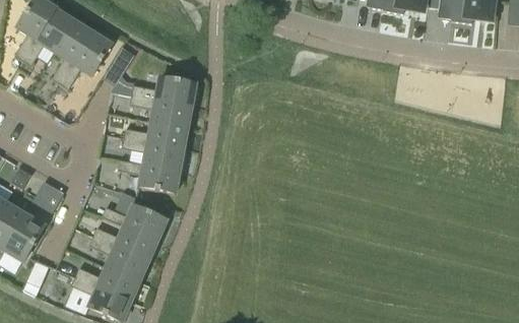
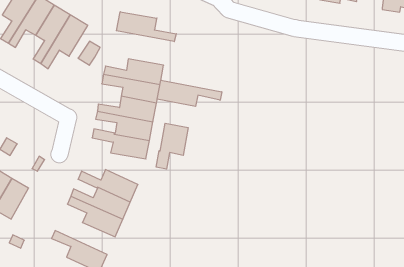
building: none -> [116,12,176,42]
building: none -> [157,80,222,106]
building: none -> [156,123,188,169]
building: [74,264,143,301] -> none

